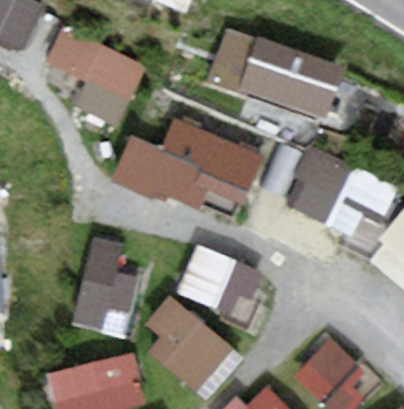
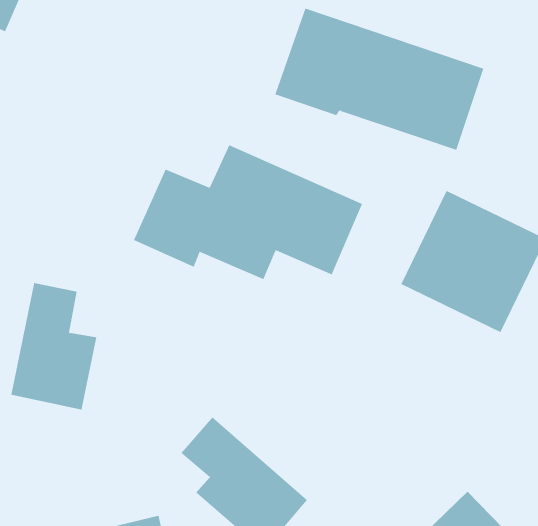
building: [40,27,148,112] -> none
building: [179,253,269,319] -> none
building: [76,255,135,341] -> [11,282,97,410]

